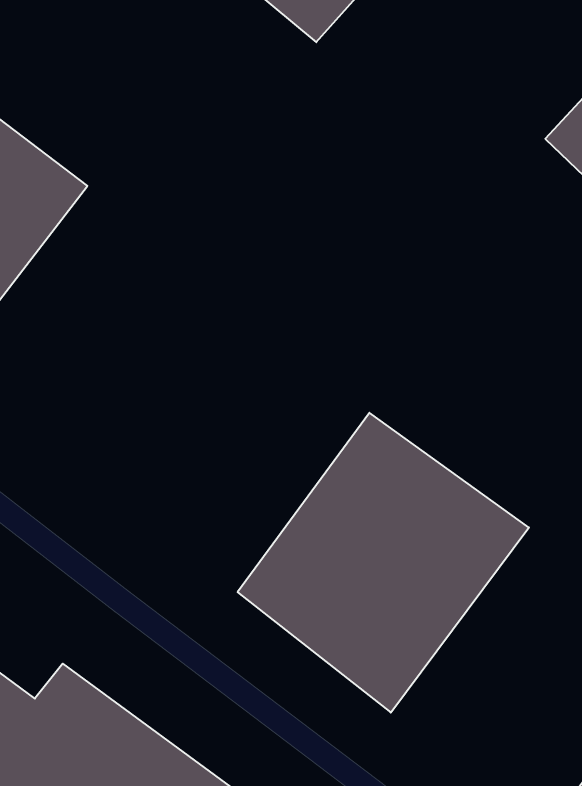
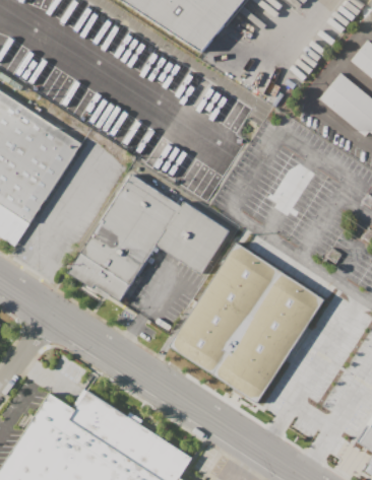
building: none -> [71,170,229,299]

